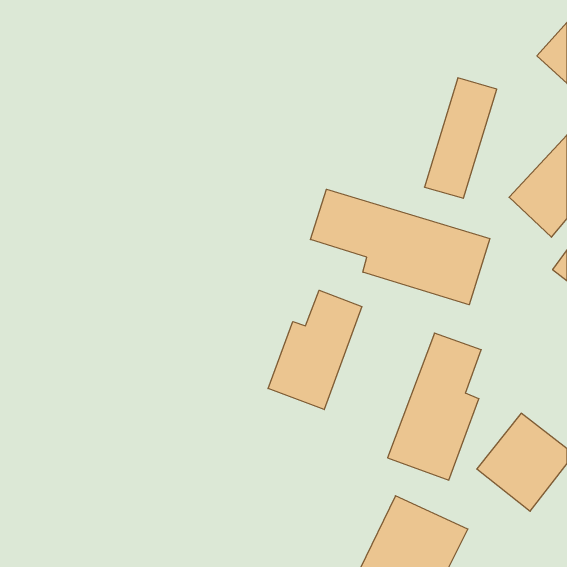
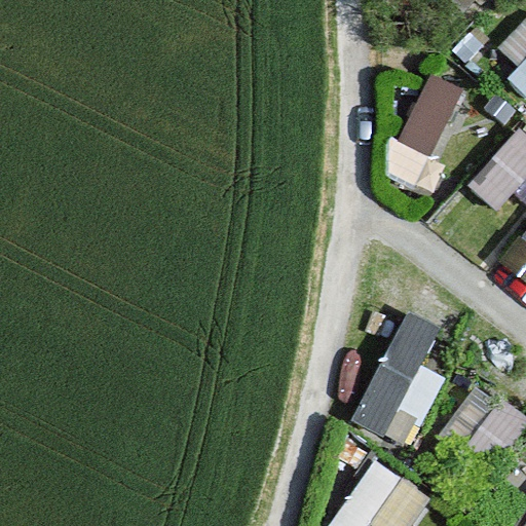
building: [310,189,490,305] -> none
building: [268,290,362,410] -> none

